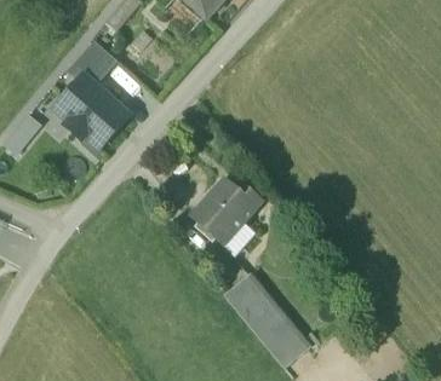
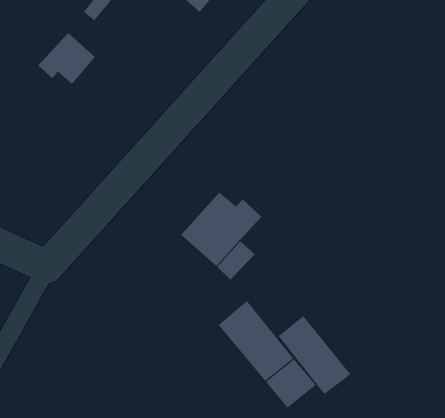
building: [52,74,127,148] -> none
building: none -> [278,315,351,395]

